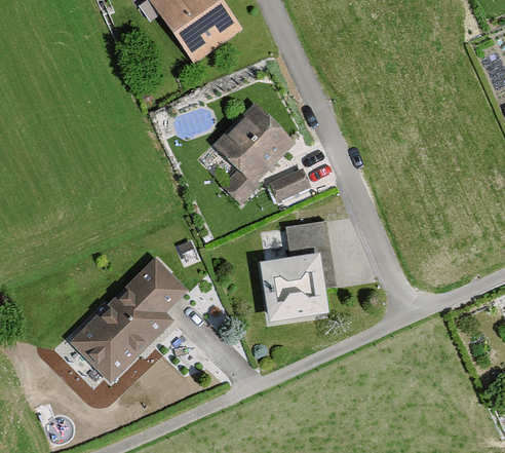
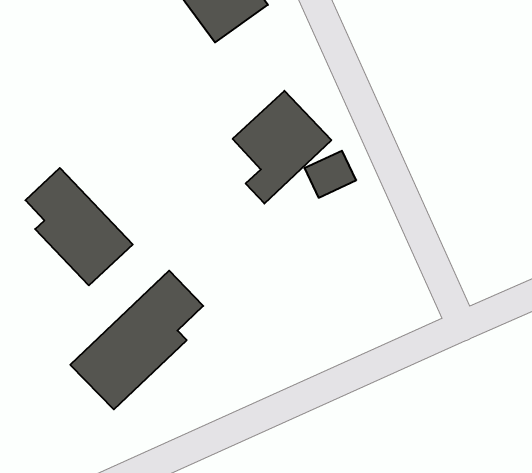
building: none -> [25,168,133,285]
building: [256,219,336,322] -> none

